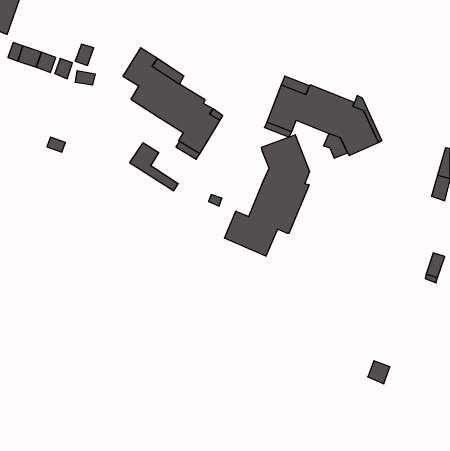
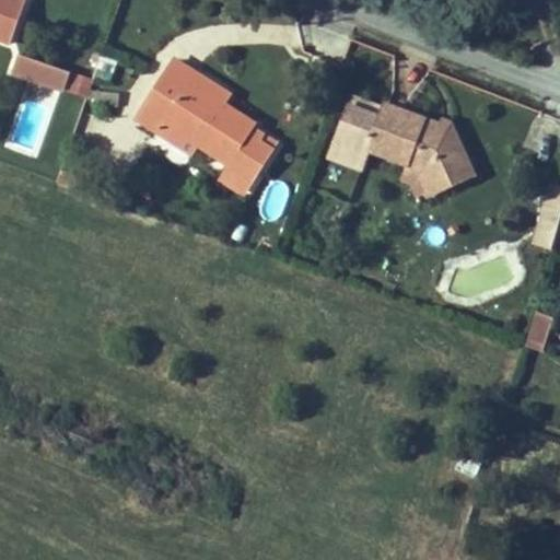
building: [224,135,310,256] -> none
building: [130,143,178,191] -> [136,94,196,153]

